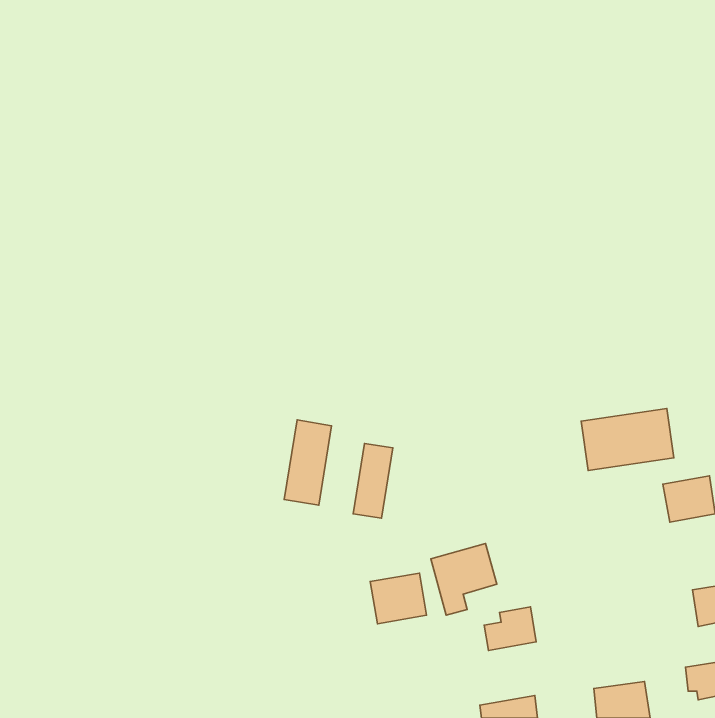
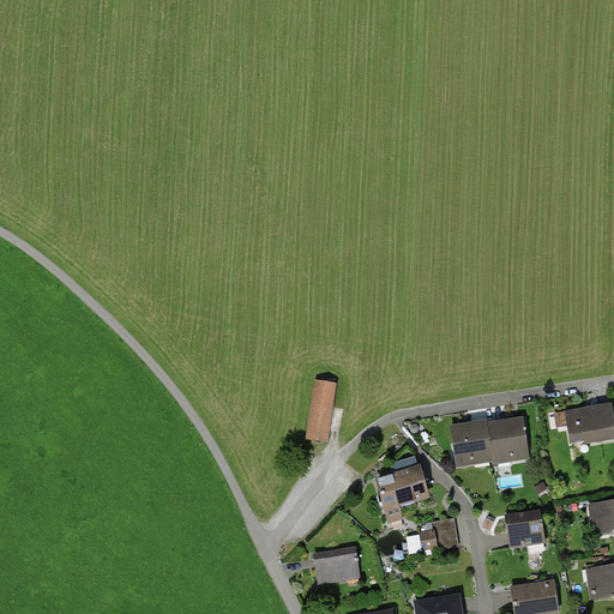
building: [581,408,674,470] -> [449,415,528,468]
building: [284,420,331,505] -> none
building: [370,573,427,624] -> [314,544,362,588]
building: none -> [504,510,543,548]

